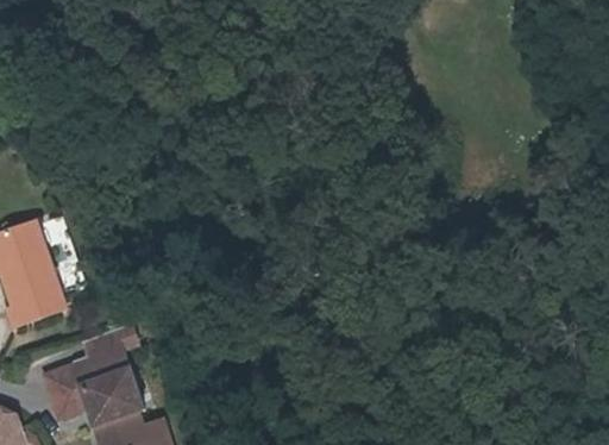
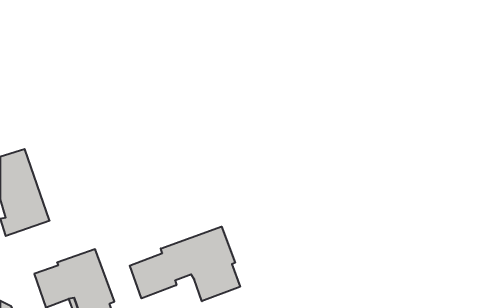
building: none -> [130,227,240,301]

